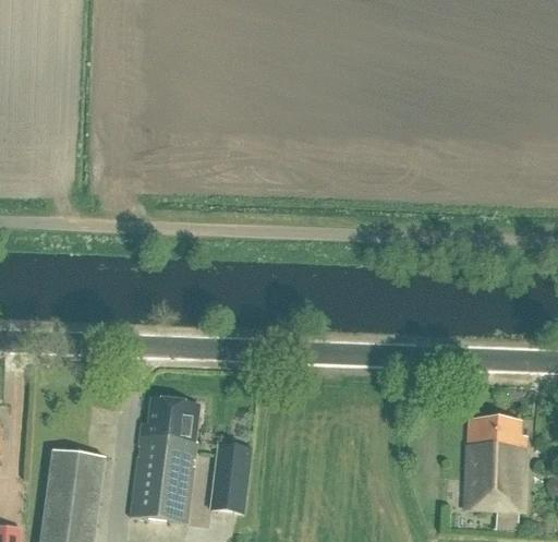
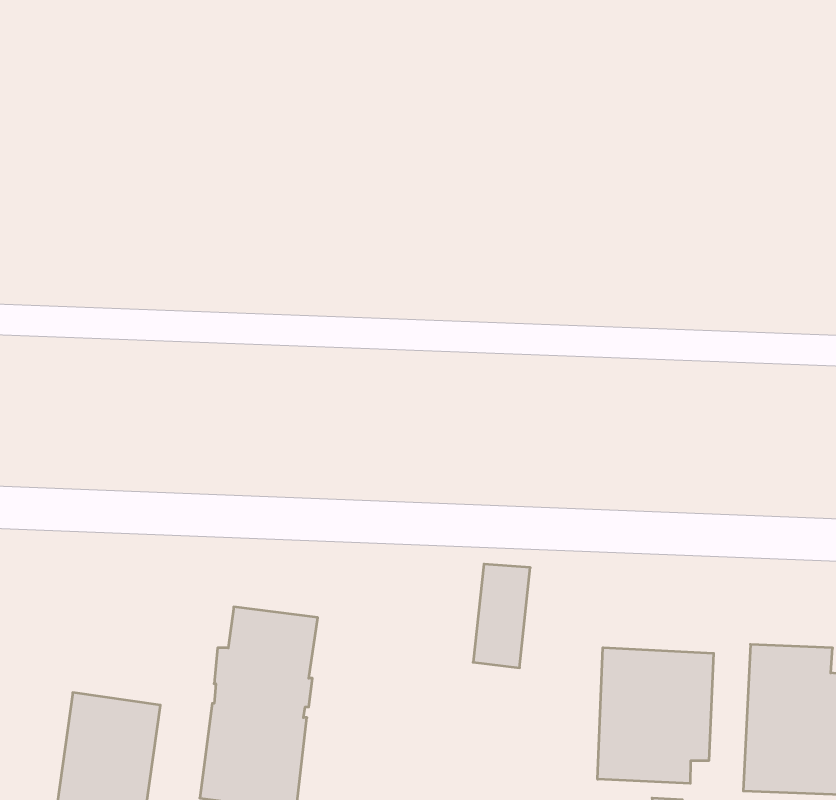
building: none -> [598,648,714,783]
building: [213,446,247,509] -> [473,564,530,668]

